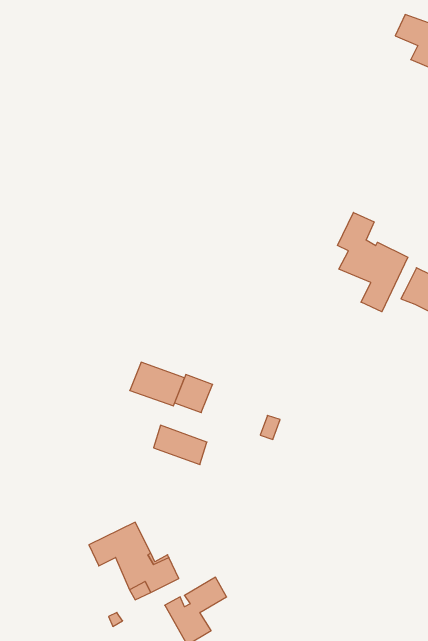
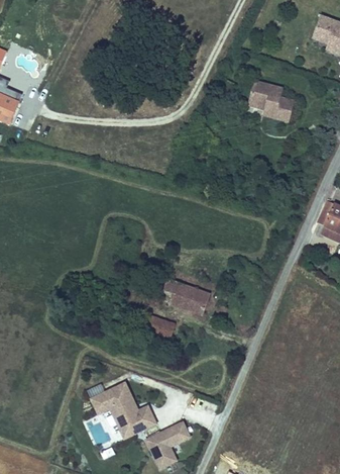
building: none -> [246,82,293,121]
building: [337,212,408,312] -> none
building: [130,362,185,406] -> [174,283,213,314]

